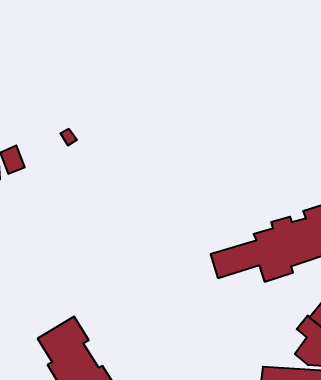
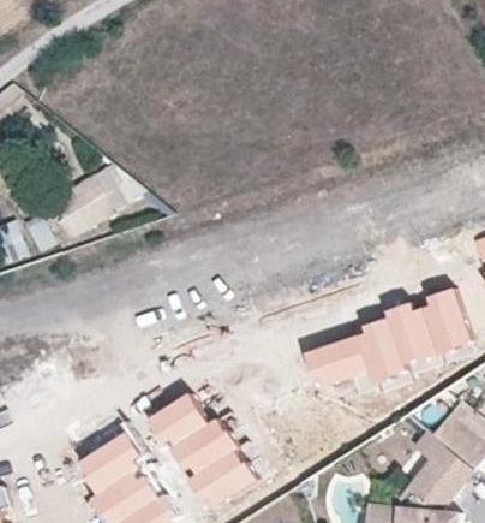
building: none -> [150,396,249,505]

